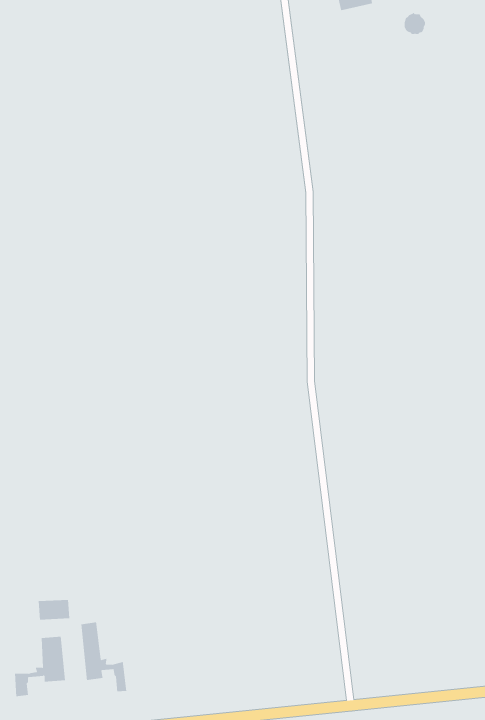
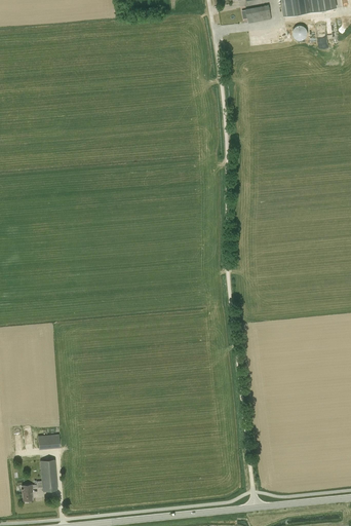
building: [81,622,127,692] -> none

